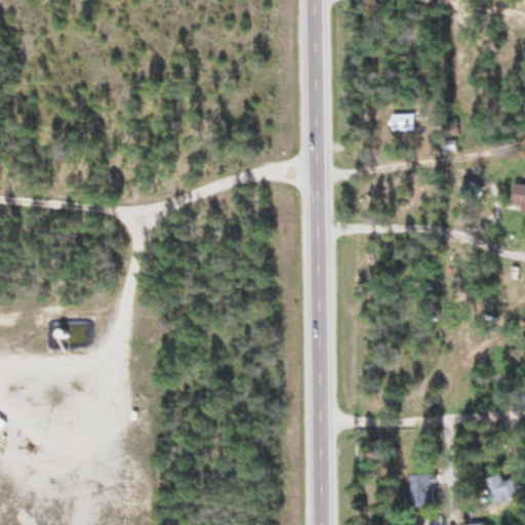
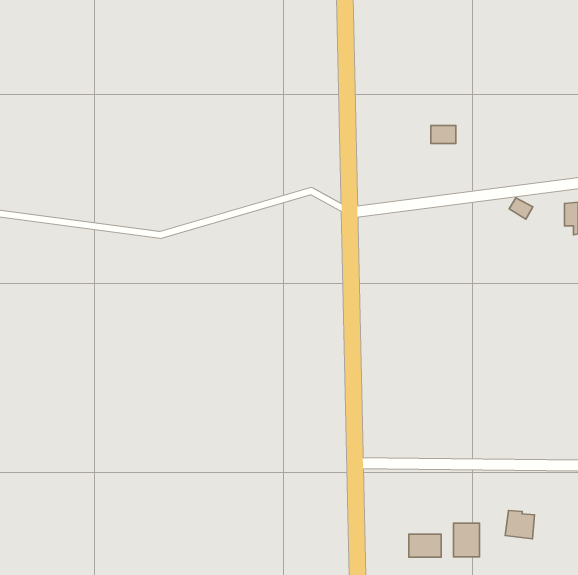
building: [489,477,516,502] -> [505,510,535,539]
building: none -> [409,534,441,557]

